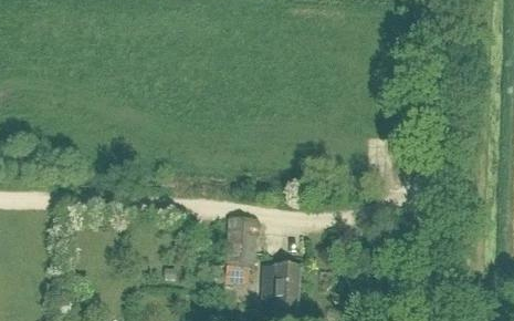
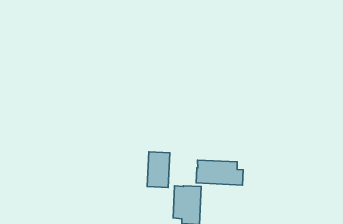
building: none -> [196,160,243,185]

